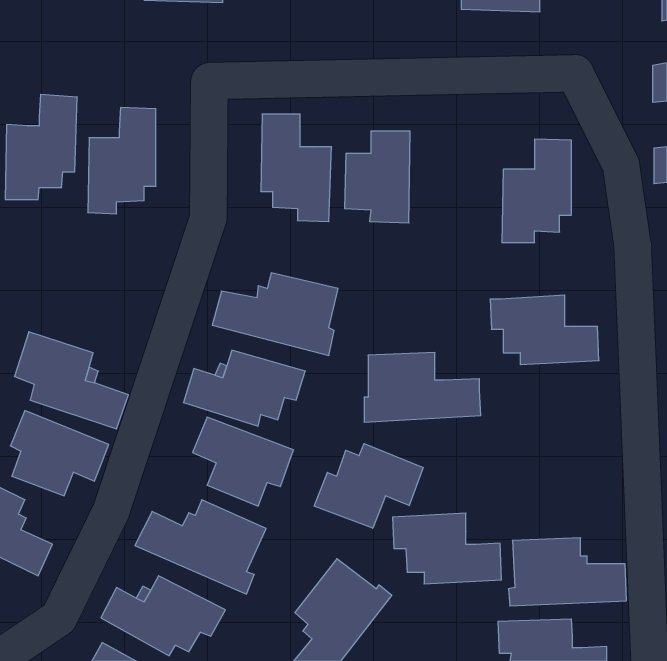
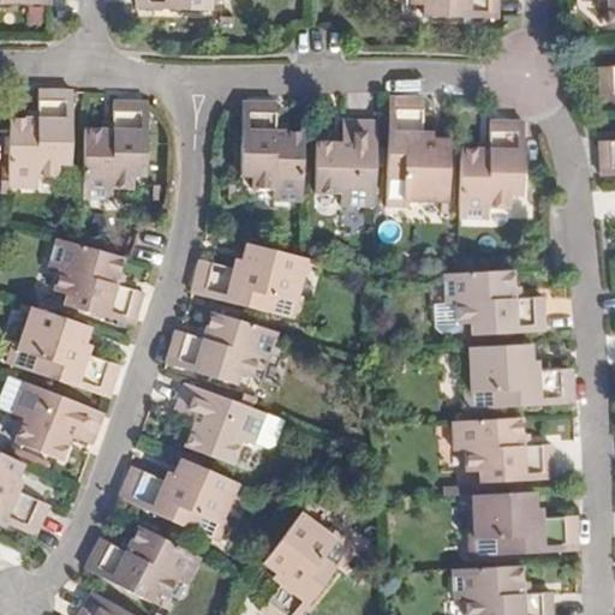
building: none -> [389,98,452,210]
building: none -> [48,233,141,318]
building: [364,353,481,422] -> [466,347,573,411]
building: [314,444,423,528] -> none
building: [393,513,501,584] -> [458,420,557,485]

